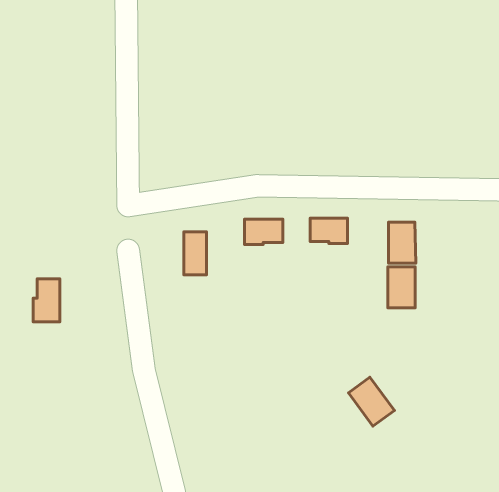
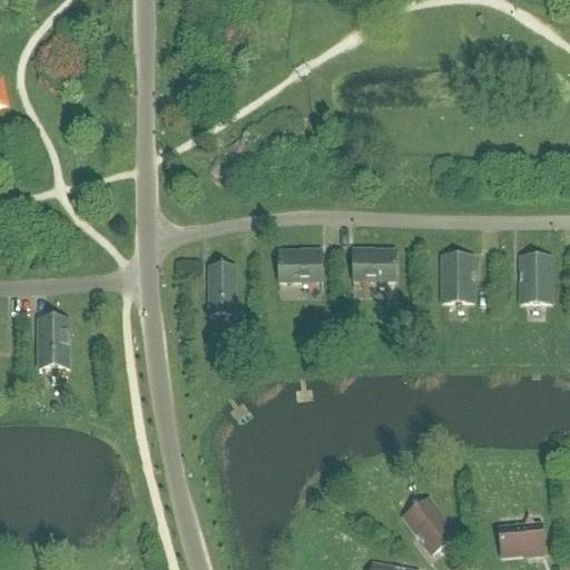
building: [388,267,415,308] -> [520,254,551,301]
building: [348,377,394,426] -> [403,495,455,551]
building: none -> [498,523,543,554]

